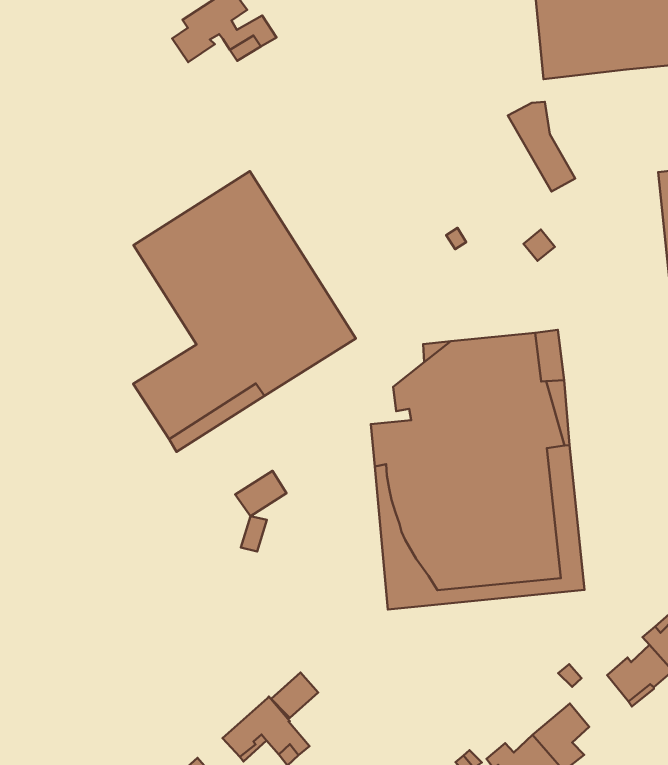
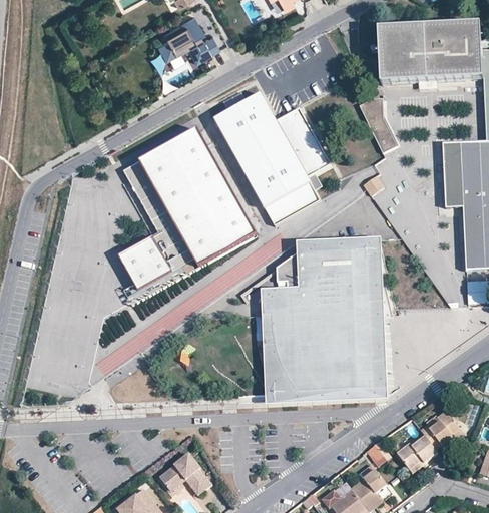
building: none -> [214,93,329,224]
building: [235,471,287,516] -> none
building: [271,672,318,718] -> none

